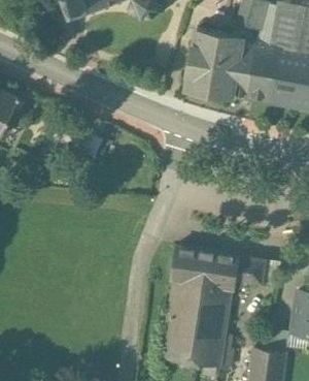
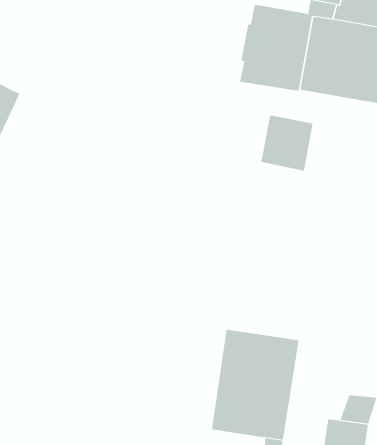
building: none -> [261,114,313,171]
building: [172,248,267,288] -> none

